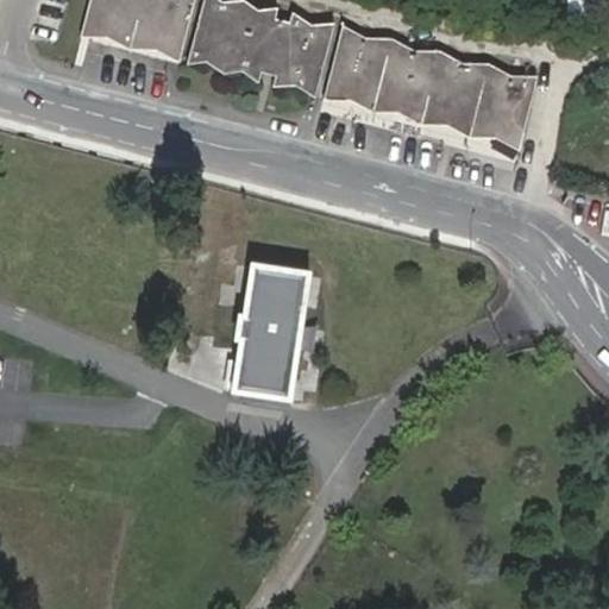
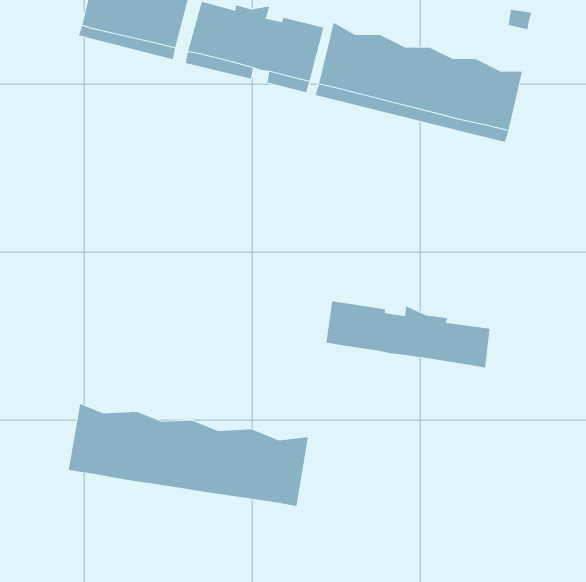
building: [232,260,304,394] -> none
building: none -> [326,301,490,369]
building: none -> [68,403,308,507]

